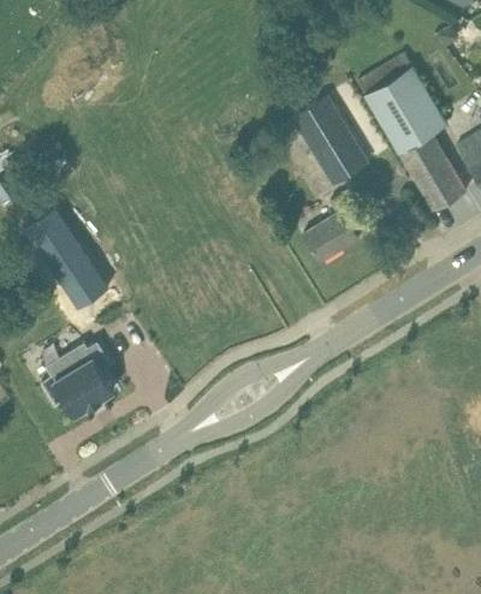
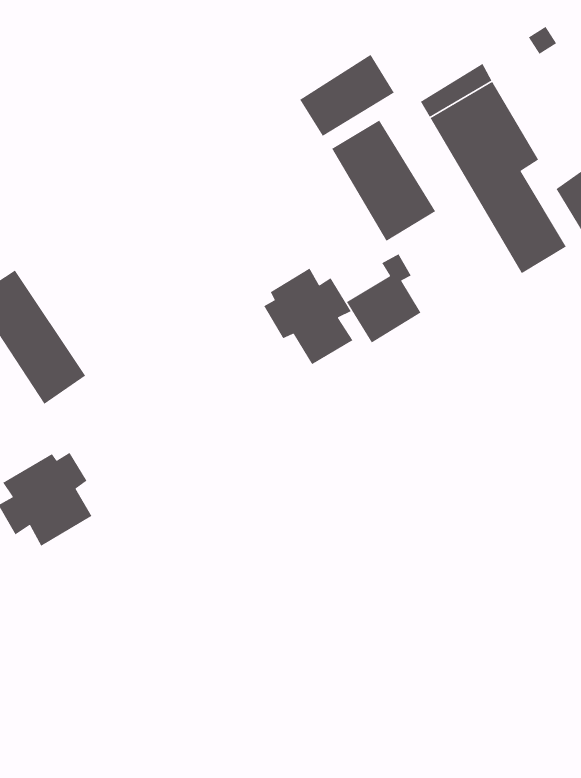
building: none -> [299,54,395,137]
building: none -> [263,267,354,365]

